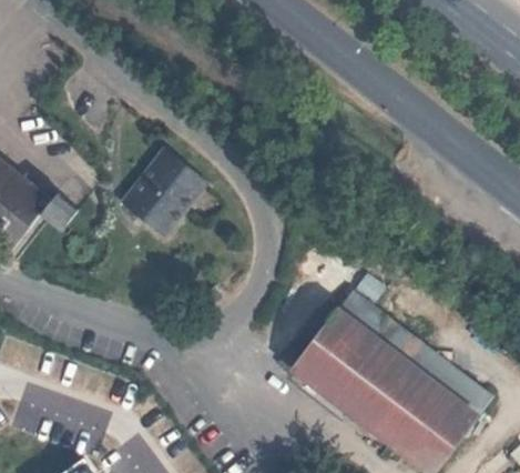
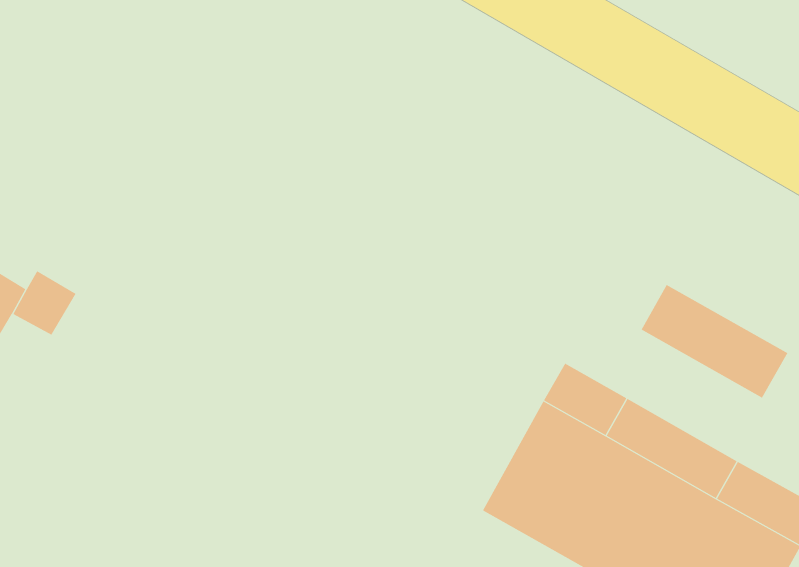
building: [120,149,207,236] -> none
building: none -> [641,284,788,398]

